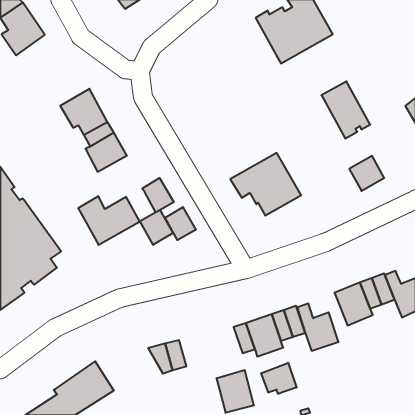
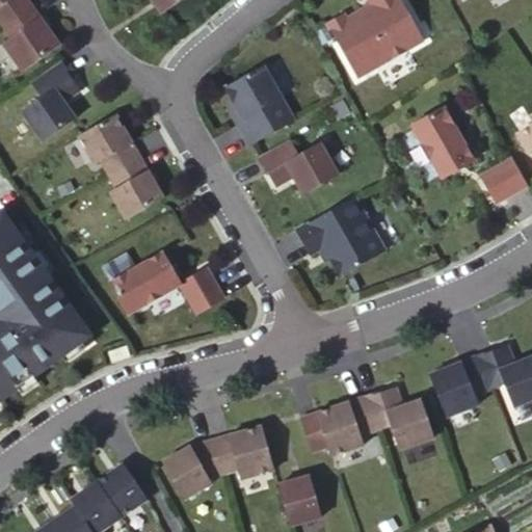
building: none -> [22,62,79,141]
building: none -> [224,65,292,144]
building: none -> [260,140,336,193]
building: [349,156,384,191] -> [482,156,527,201]
building: [142,178,174,212] -> none
building: [165,207,196,240] -> none
building: none -> [230,425,273,477]
building: none -> [162,445,212,498]
building: [261,363,297,394] -> none

